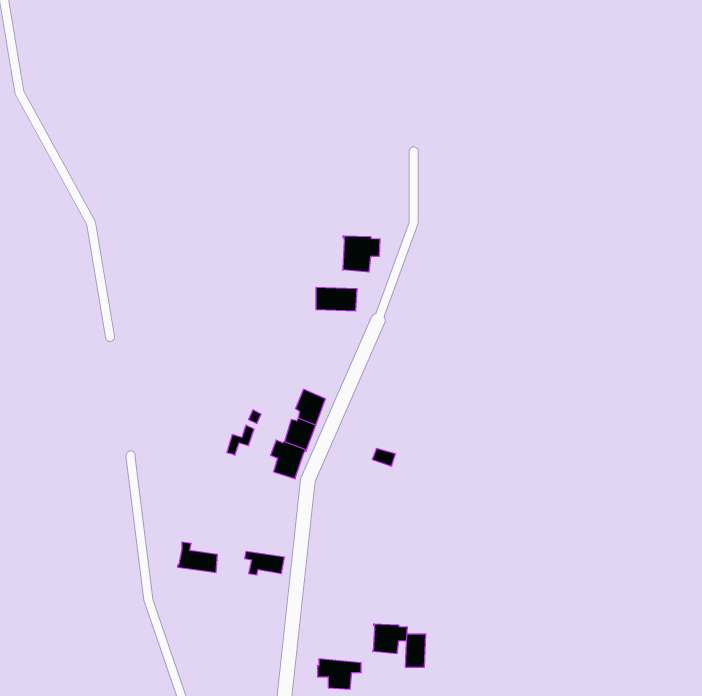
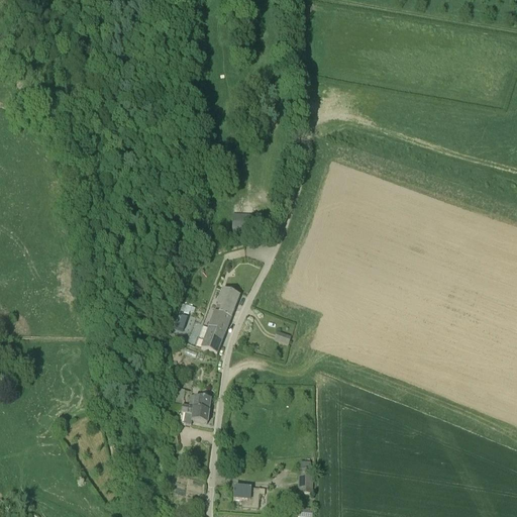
building: [342,236,380,272] -> none
building: [178,542,217,573] -> [181,387,210,409]
building: [373,624,407,654] -> none

